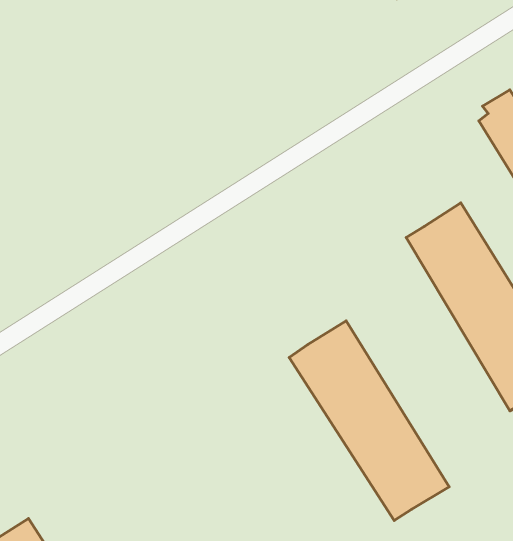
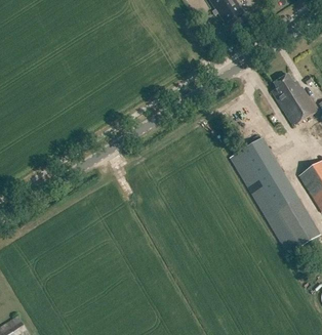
building: [289,321,449,520] -> none

